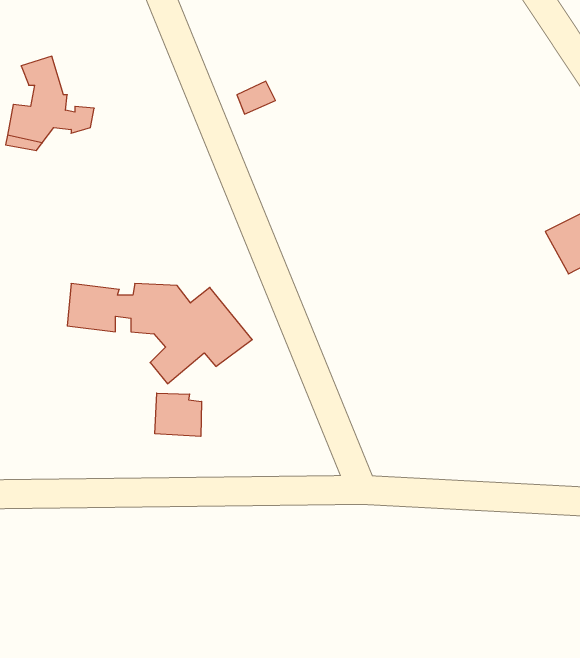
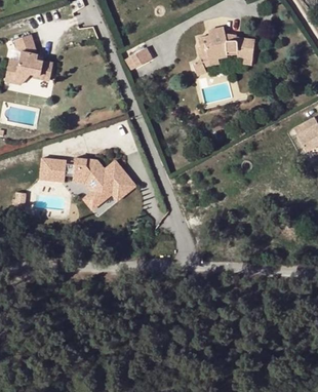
building: none -> [198,28,254,62]
building: [155,393,202,436] -> none

